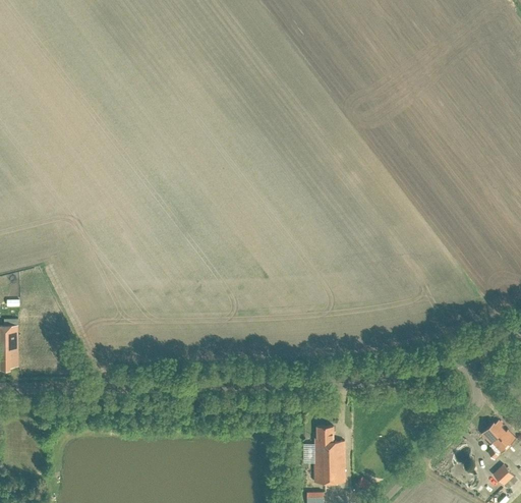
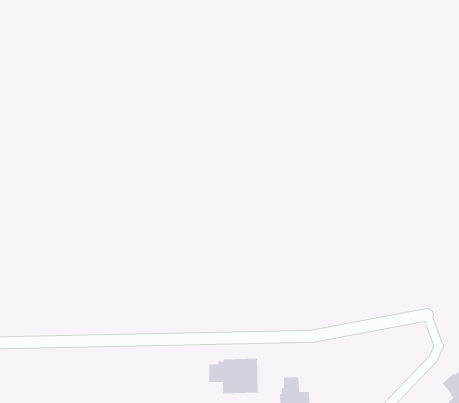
building: none -> [209,358,258,394]

